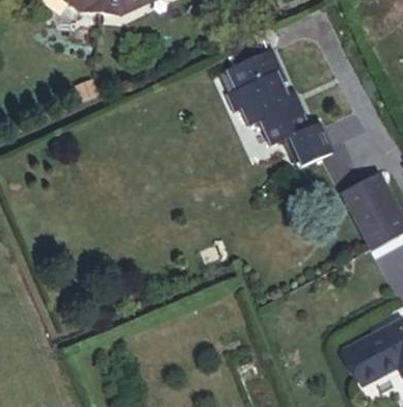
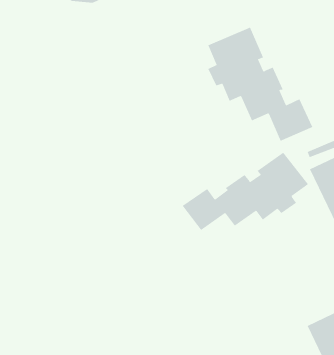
building: none -> [182,152,309,231]

